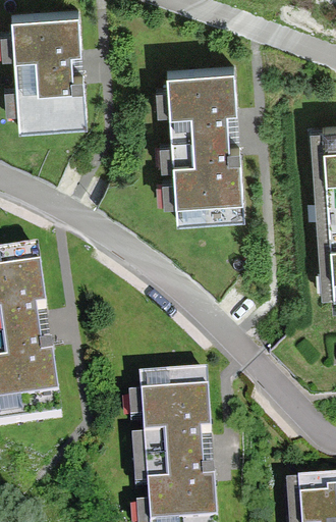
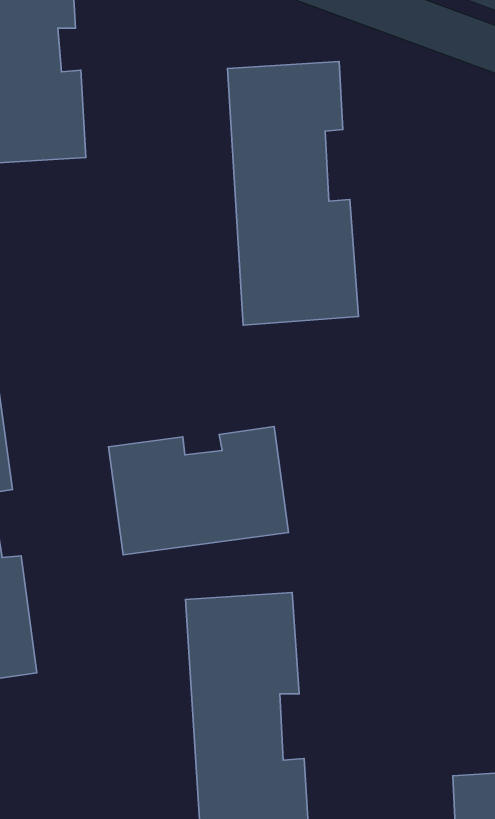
building: none -> [109,427,289,555]

